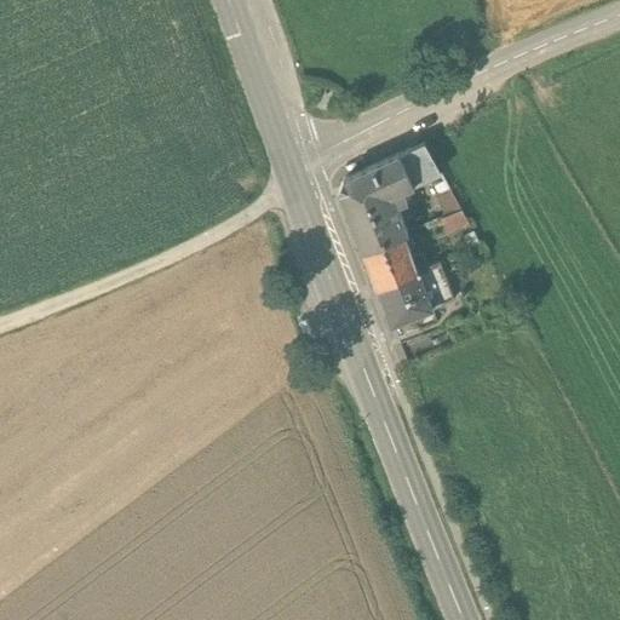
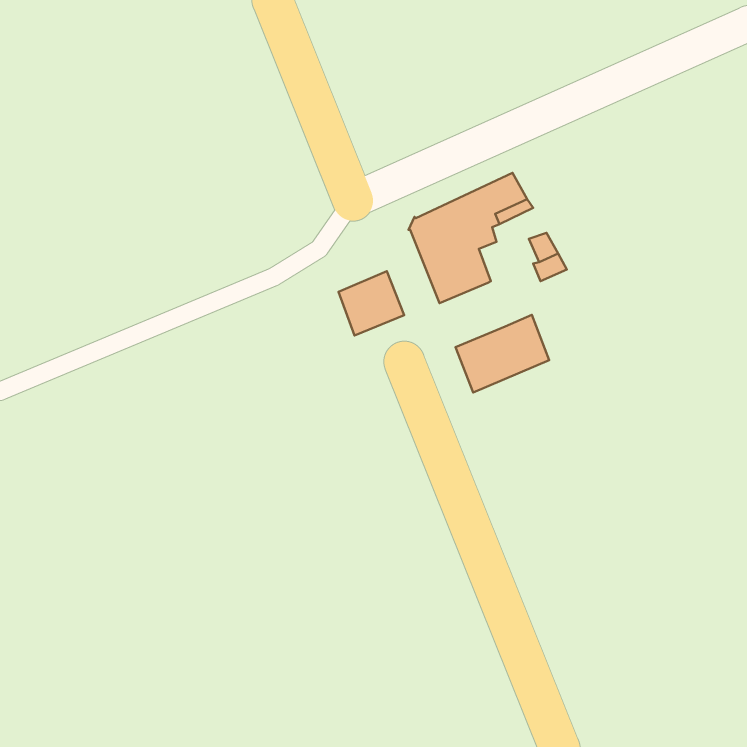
building: [364,235,419,288] -> [338,271,404,336]

